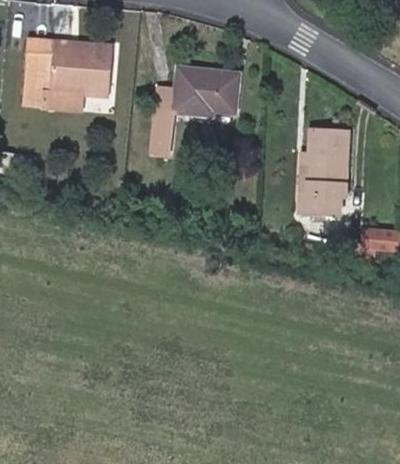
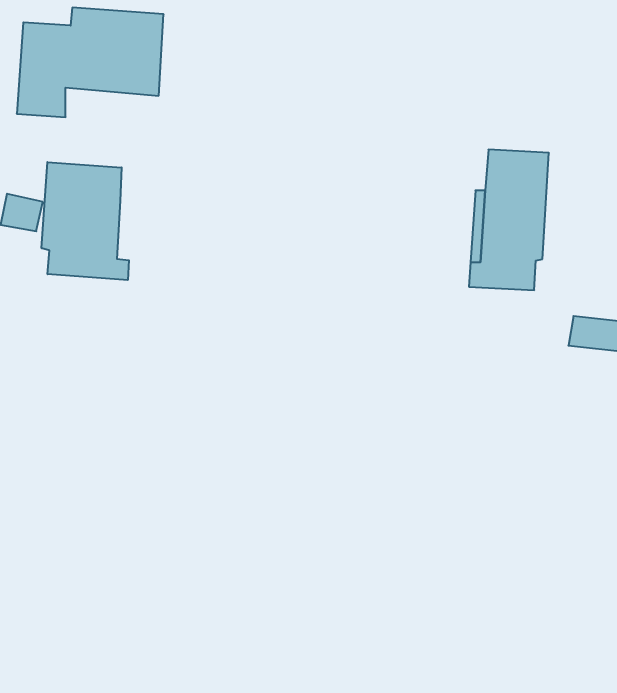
building: [153,68,239,155] -> none
building: none -> [42,162,129,280]

